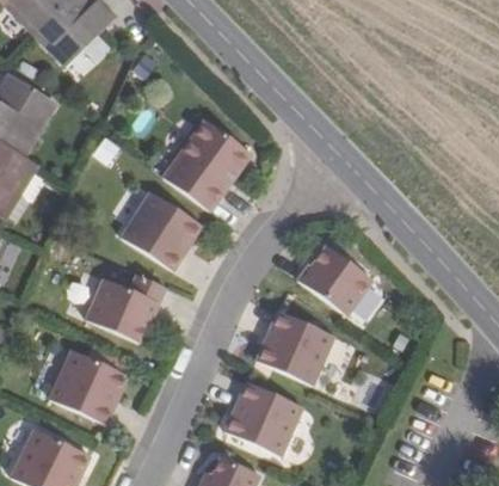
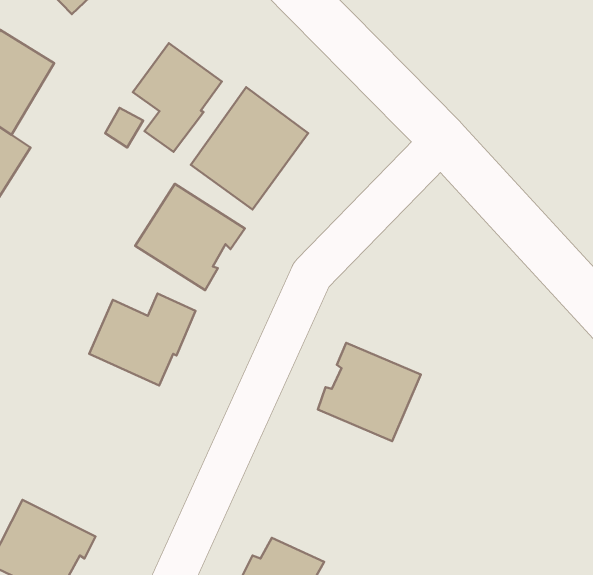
building: none -> [133,43,222,152]
building: [296,245,370,314] -> none
building: [48,350,127,425] -> none
building: [222,382,301,457] -> none

